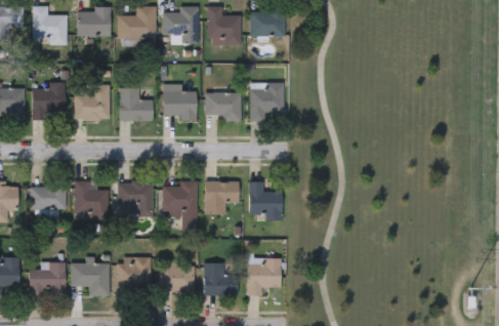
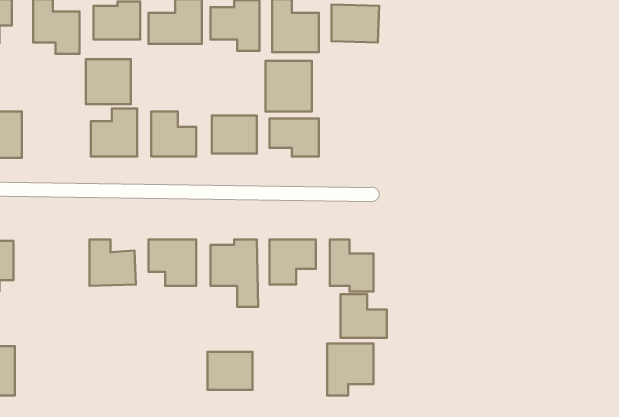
building: [249,83,283,120] -> [265,61,312,111]
building: [33,87,66,120] -> [86,59,131,104]
building: [31,181,65,210] -> none
building: [117,257,151,293] -> none
building: [29,262,66,295] -> none
building: [71,263,109,295] -> none
building: [204,263,238,295] -> [341,294,387,338]

